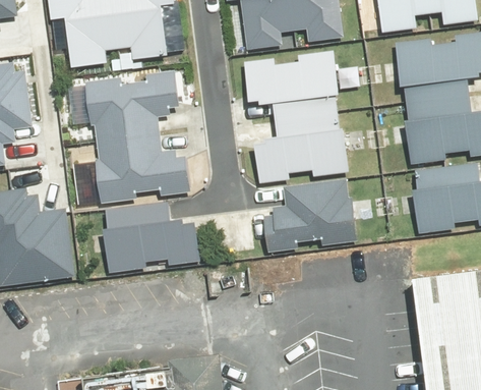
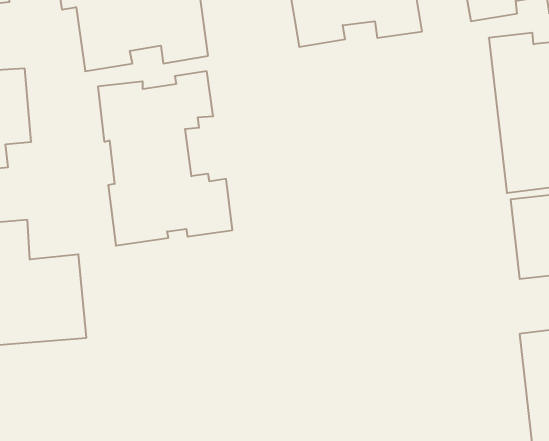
building: [244,43,351,180] -> none
building: [261,180,357,253] -> none
building: [101,201,203,273] -> none

